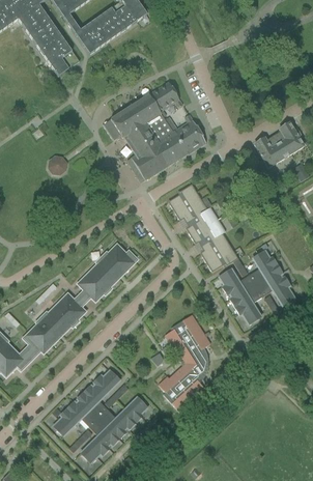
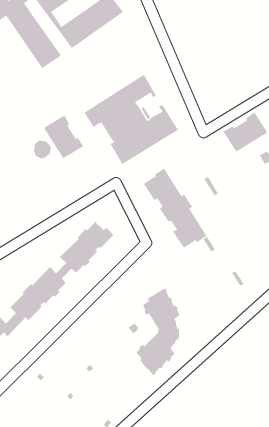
building: none -> [43,115,84,159]
building: [218,250,296,326] -> none
building: [55,369,148,461] -> none

